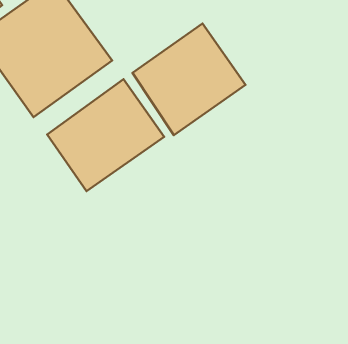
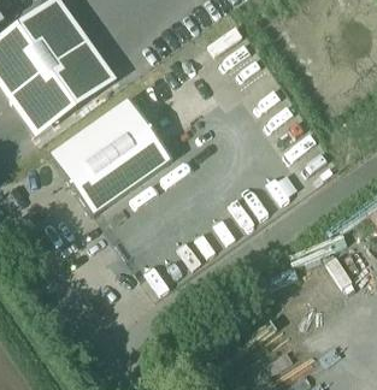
building: [133,23,246,135] -> none

